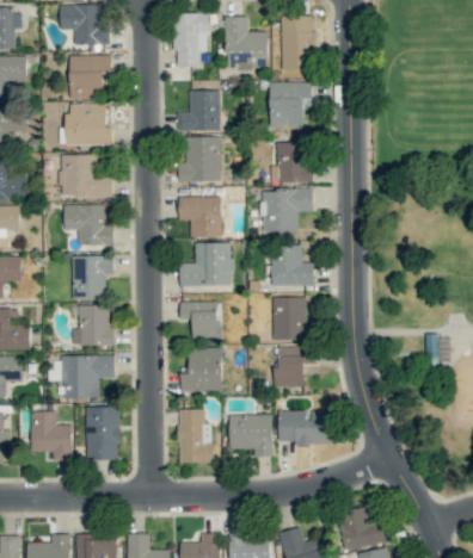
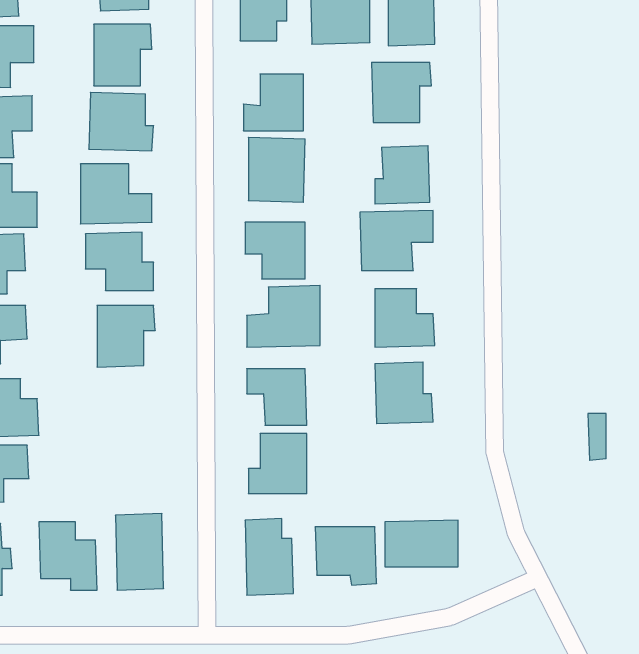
building: [72,305,113,346] -> none
building: [274,346,306,388] -> none
building: [48,355,113,398] -> none

